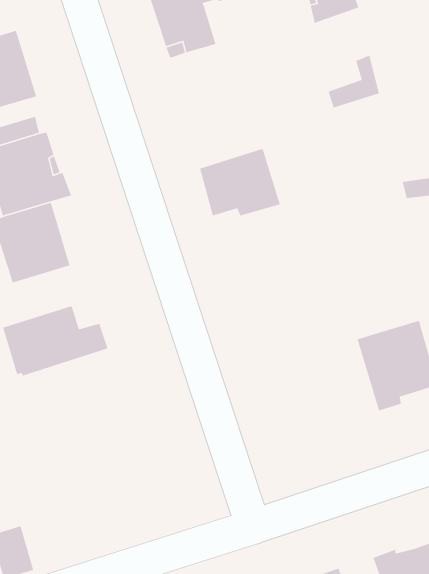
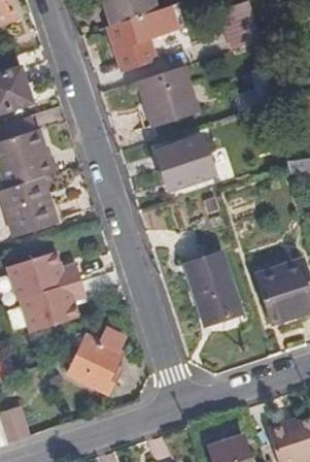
building: none -> [138,64,199,125]
building: none -> [185,253,239,326]
building: none -> [21,280,87,331]
building: none -> [69,333,125,395]

